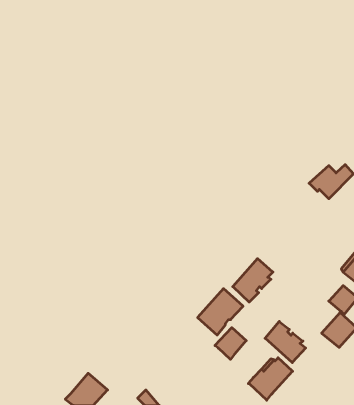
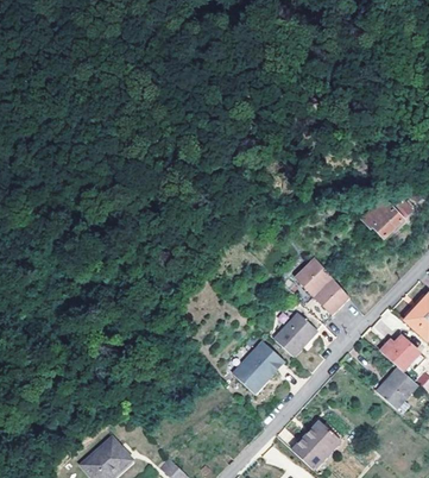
building: none -> [296,257,349,314]
building: [265,321,306,363] -> none
building: [215,328,246,359] -> none

